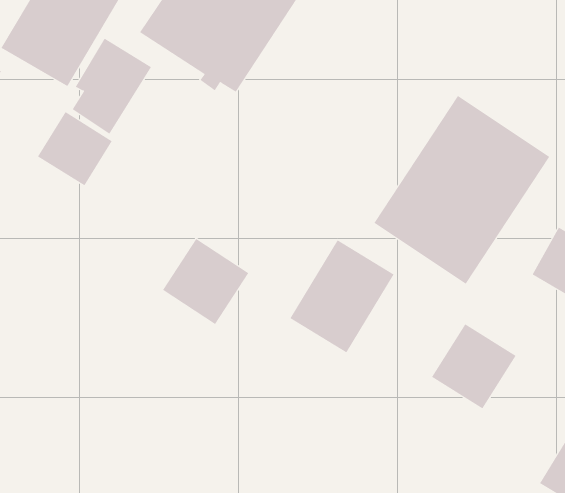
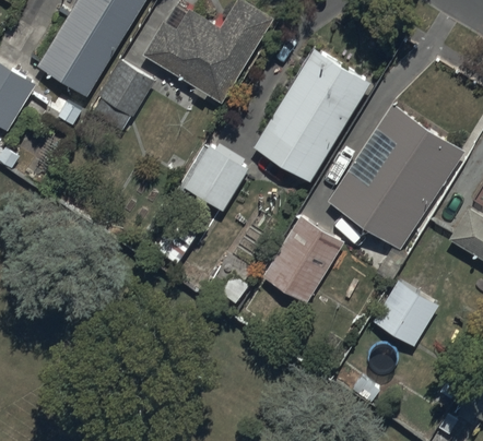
building: none -> [254,47,373,181]
building: [37,111,112,186] -> none
building: [162,238,249,325] -> [181,144,249,212]

